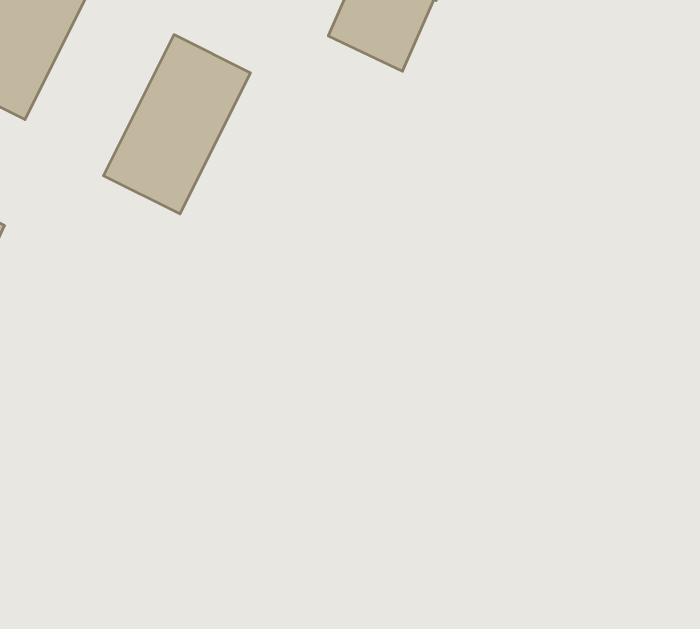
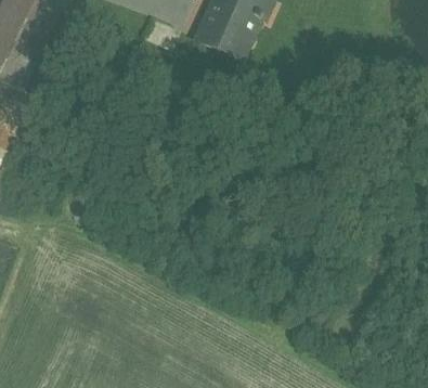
building: [103,35,250,214] -> none

